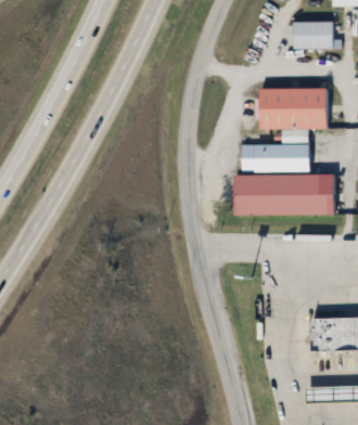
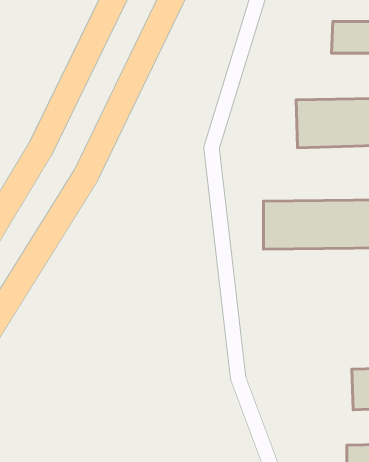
building: [240,143,310,171] -> none

